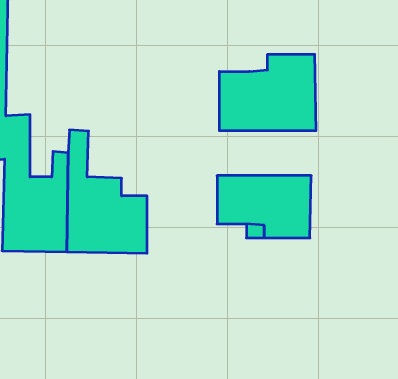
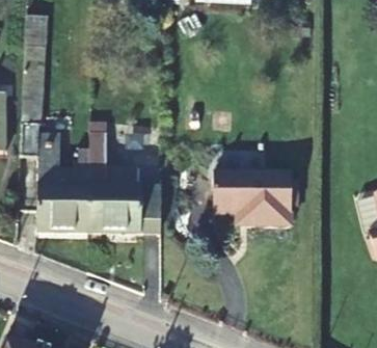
building: [219,54,316,131] -> none

